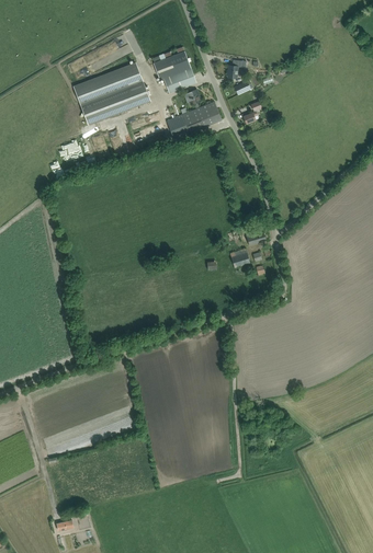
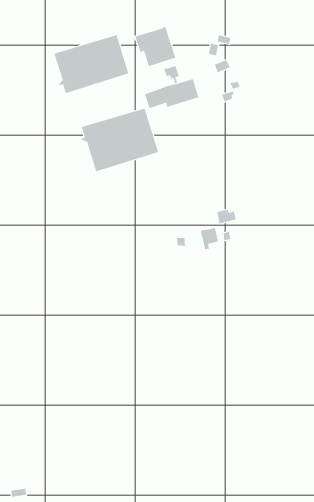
building: none -> [81,108,159,172]

